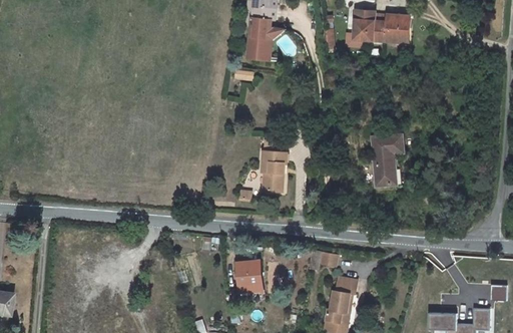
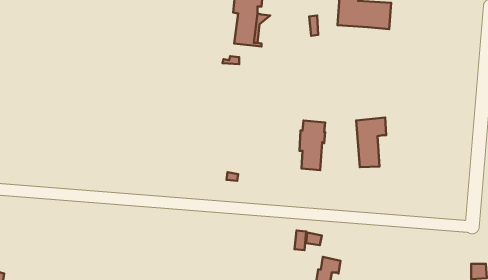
building: [261,141,287,193] -> [300,121,325,170]
building: [238,260,262,291] -> none

